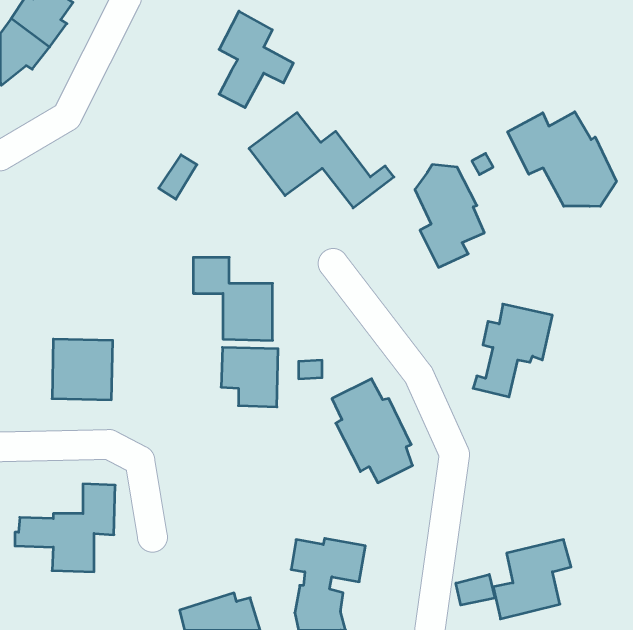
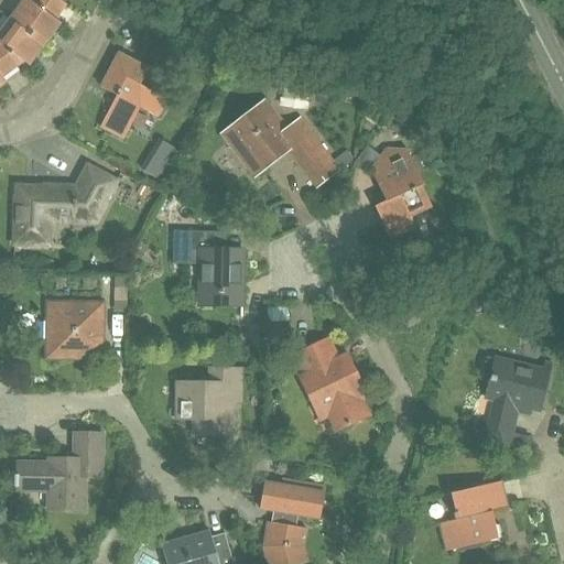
building: [219,11,293,108] -> [100,51,166,137]
building: [508,112,616,206] -> none
building: none -> [14,162,117,243]
building: [473,304,552,397] -> [477,360,547,443]
building: [221,347,278,407] -> [176,381,227,434]
building: [456,574,495,605] -> none

